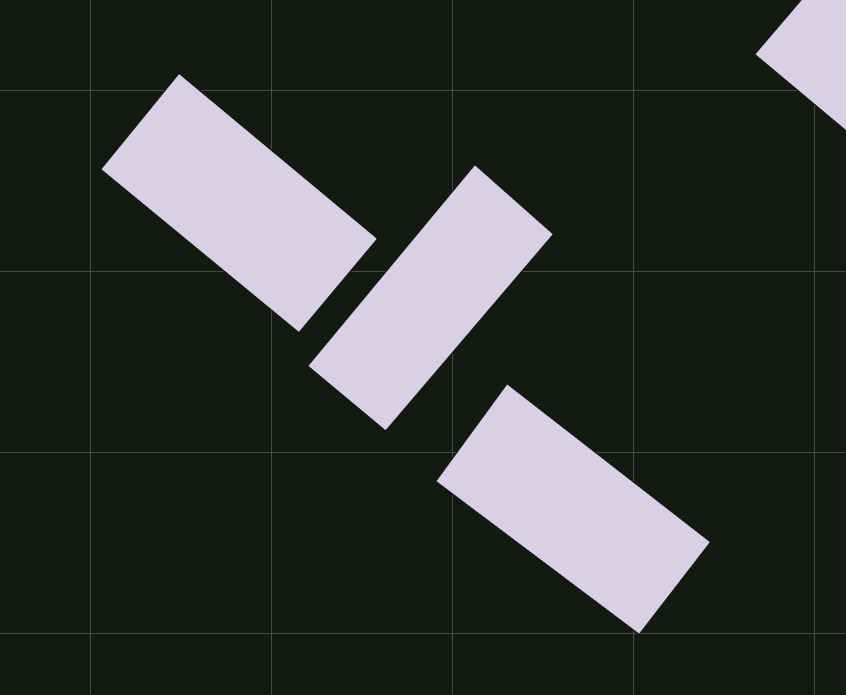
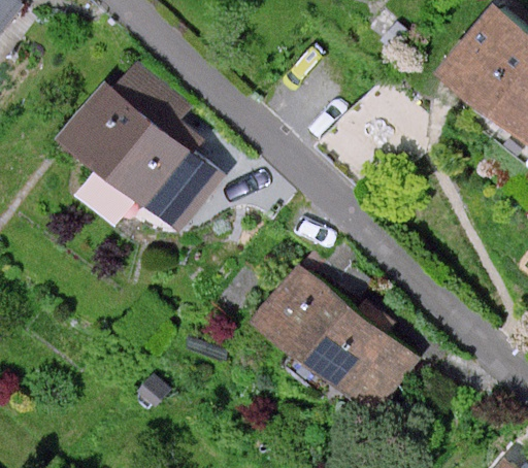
building: [308,165,553,431] -> none

